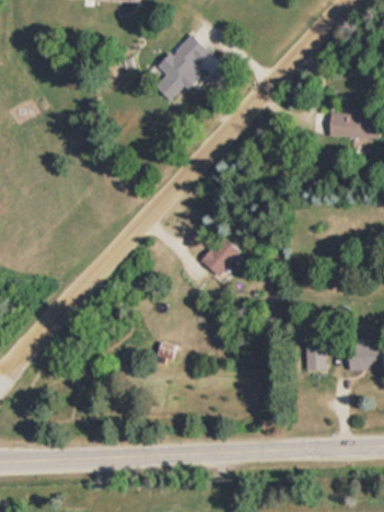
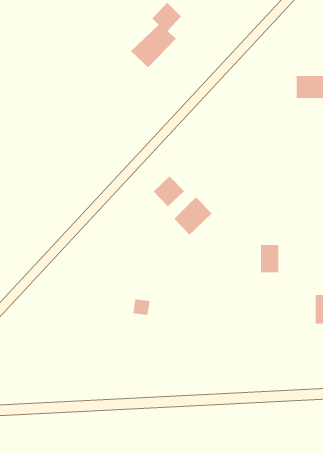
building: none -> [153,175,185,207]
building: [307,340,327,370] -> [260,244,279,273]

